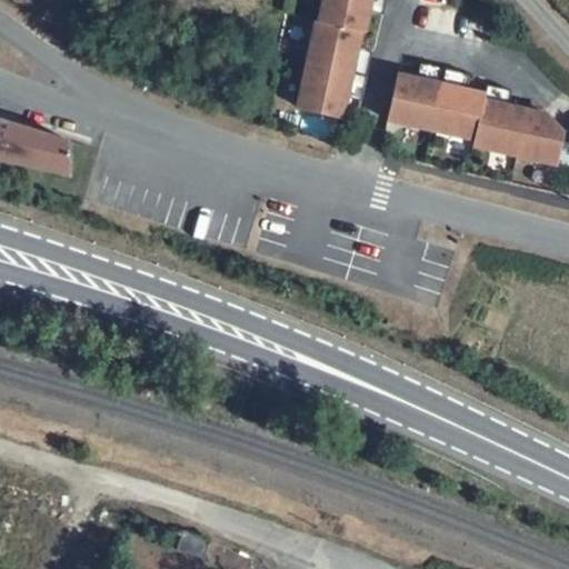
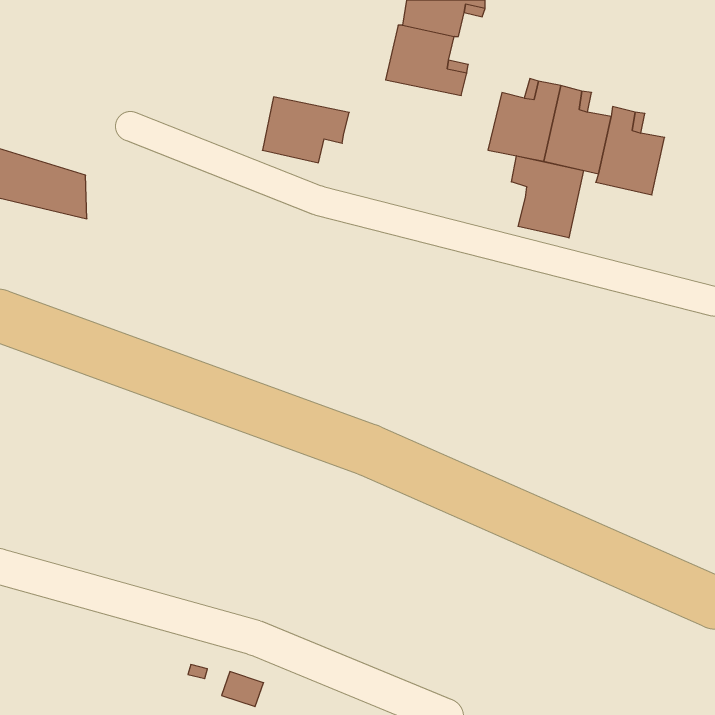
building: [297,64,366,117] -> [262,97,349,163]
building: [517,110,562,163] -> none
building: none -> [511,156,583,238]

